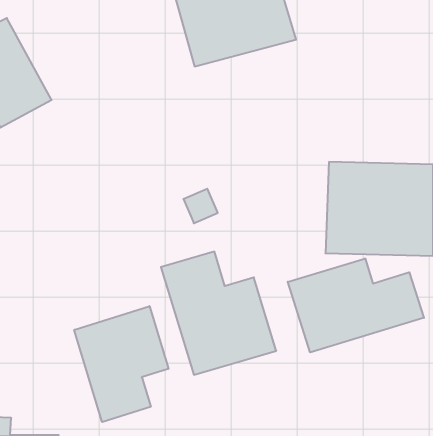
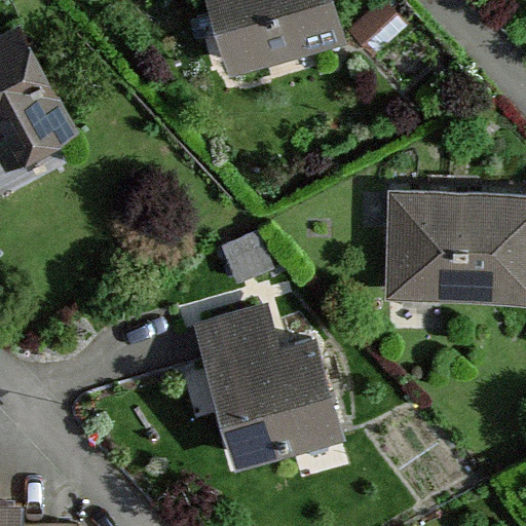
building: [288,258,424,352] -> none
building: [74,306,168,422] -> none

